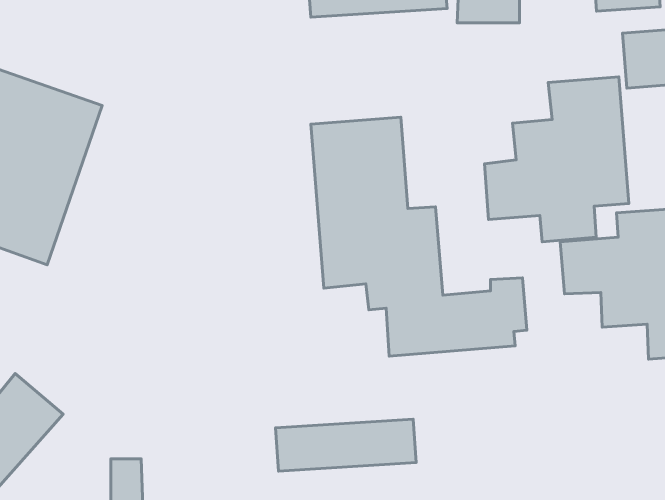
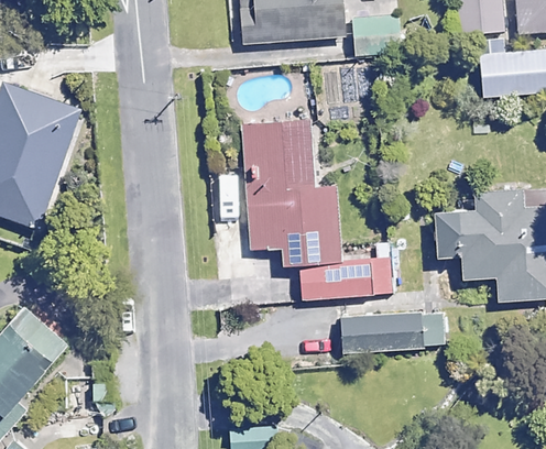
building: [484,77,629,242] -> none
building: [276,419,416,471] -> [341,314,448,353]

